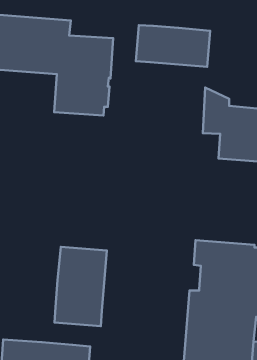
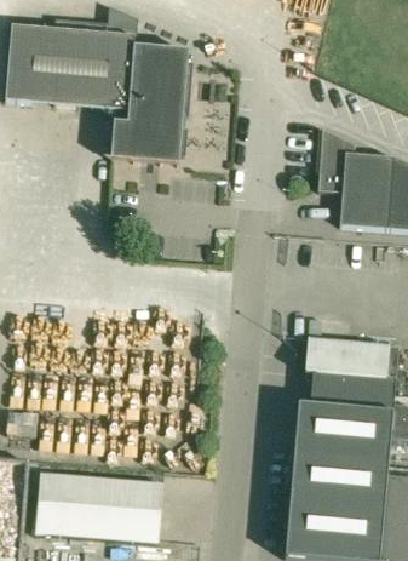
building: [136,25,210,67] -> none
building: [55,247,107,326] -> none

